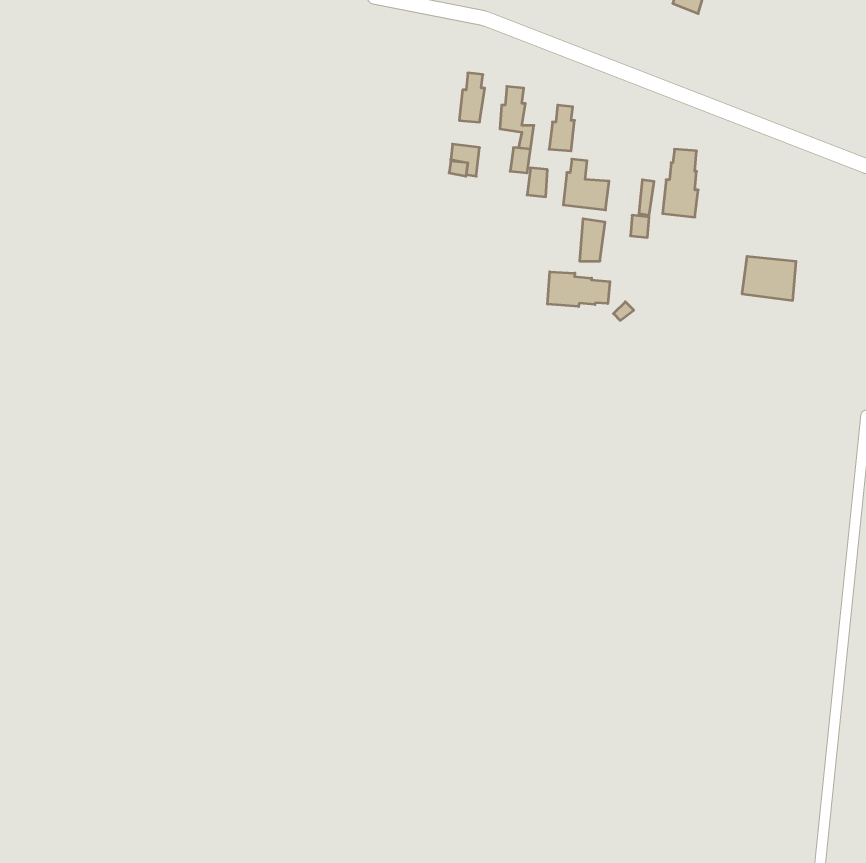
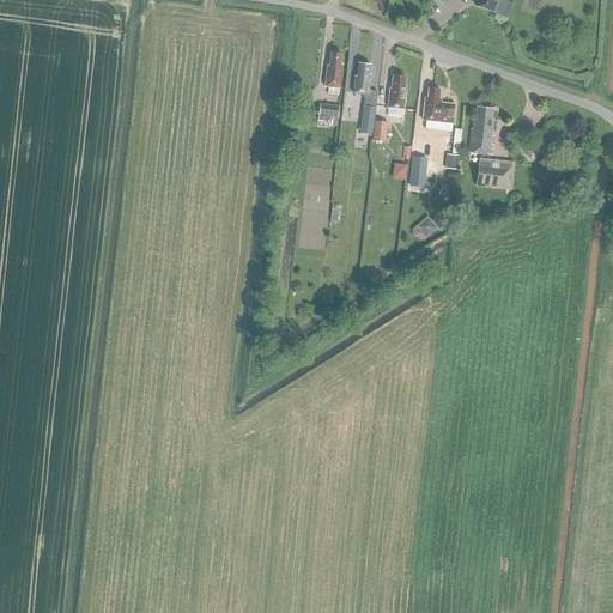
building: [563,159,609,210] -> [423,86,455,122]
building: [742,256,796,300] -> [475,157,514,188]
building: [547,272,610,307] -> none

